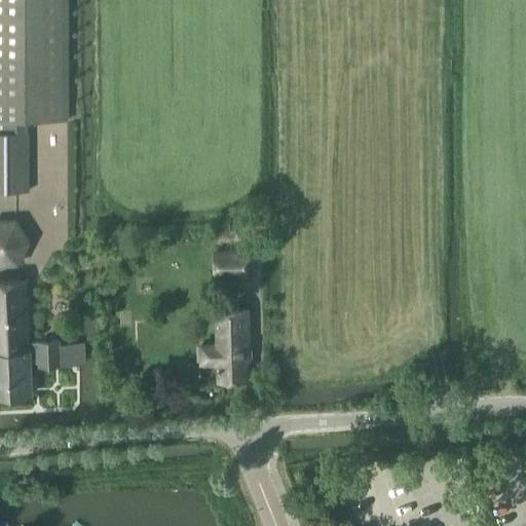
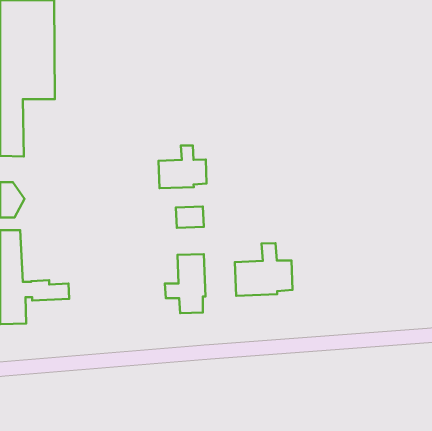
building: none -> [159,146,207,188]
building: none -> [235,243,293,296]

